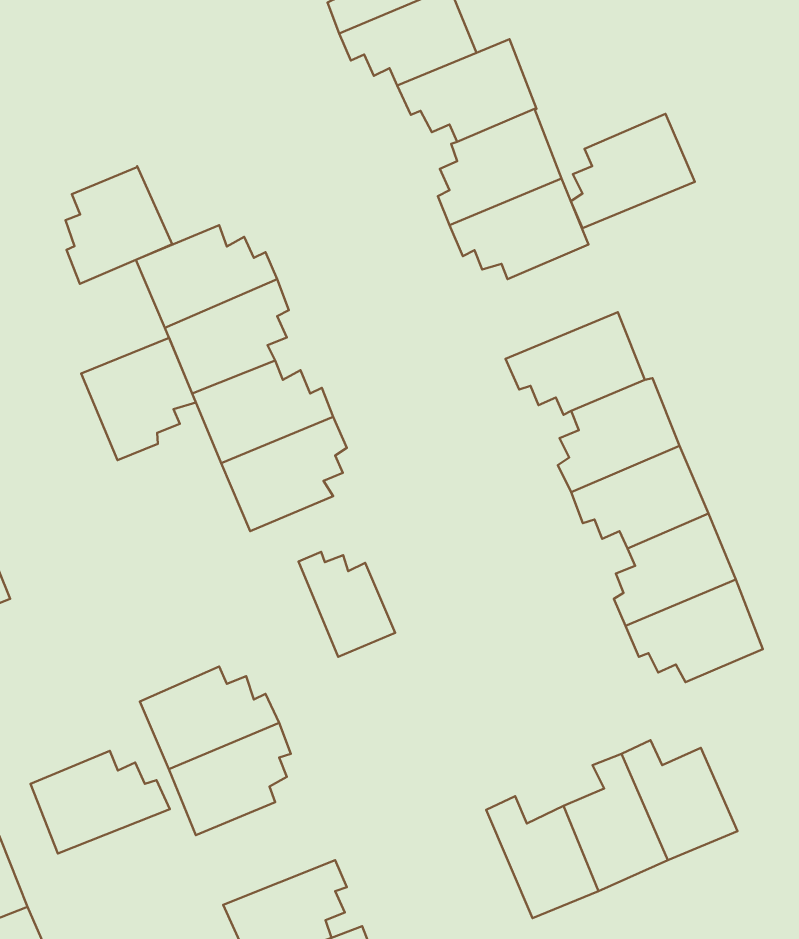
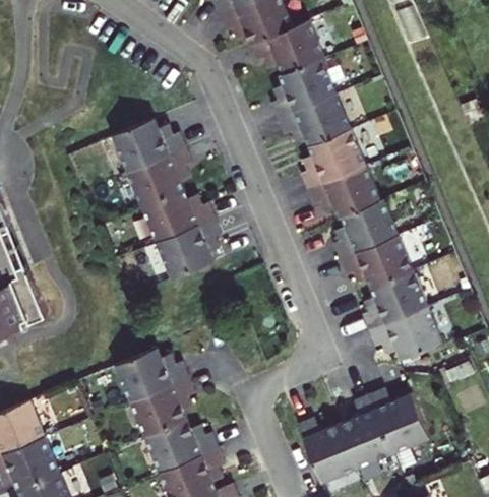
building: [571,114,695,228] -> [300,129,365,189]
building: [66,166,172,284] -> none
building: [81,338,196,460] -> none
building: [298,552,395,657] -> none
building: [31,751,170,854] -> [143,422,217,476]

